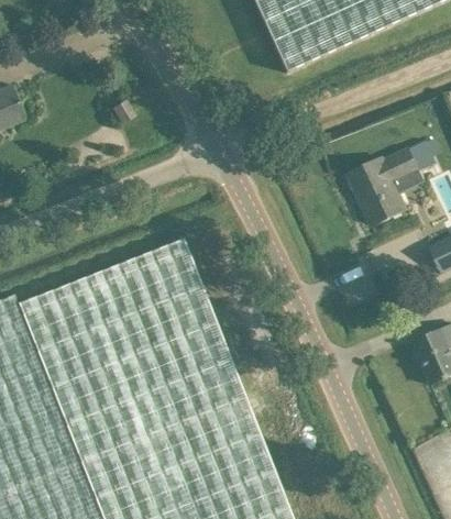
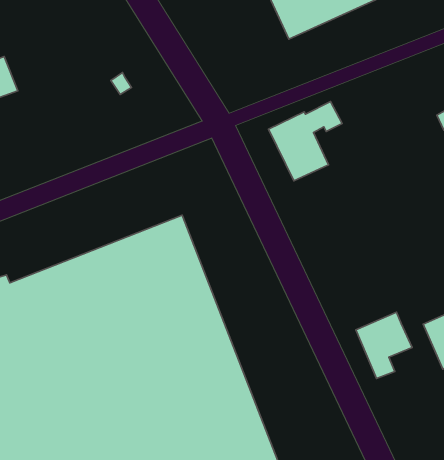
building: [349,148,419,224] -> [269,102,342,181]
building: none -> [356,312,412,379]

